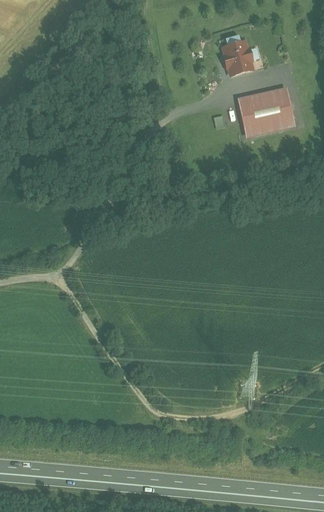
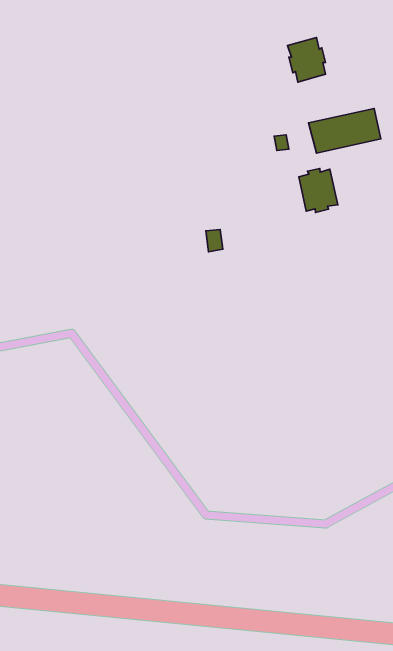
building: none -> [299,168,338,212]

